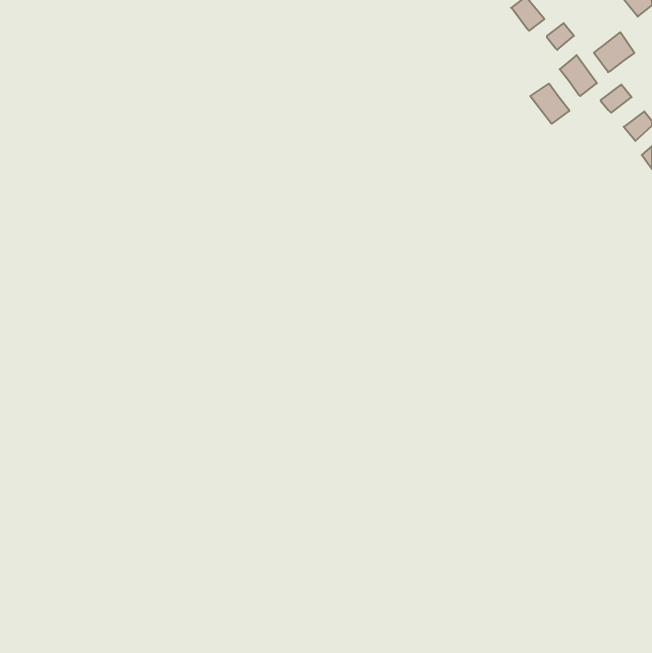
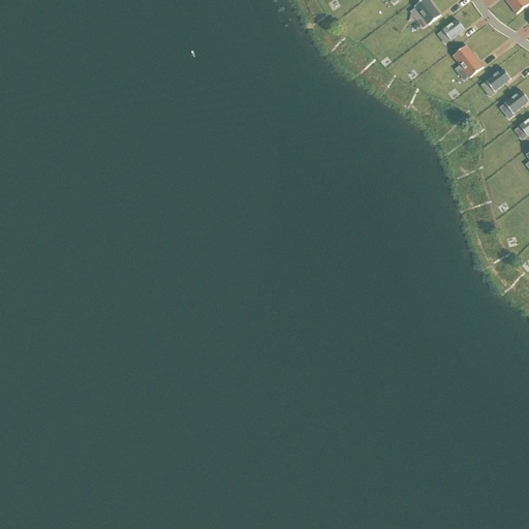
building: [594,32,634,72] -> none
building: [530,84,569,124] -> none

